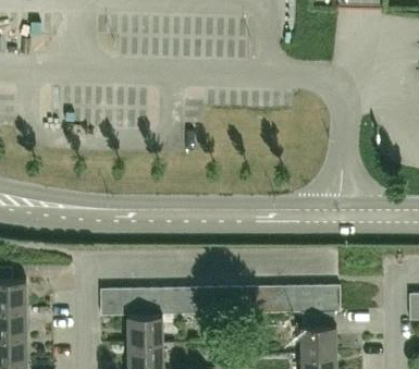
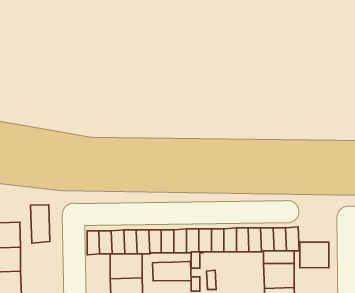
building: none -> [31,205,50,243]
building: none -> [300,242,329,268]
building: none -> [152,262,191,281]

